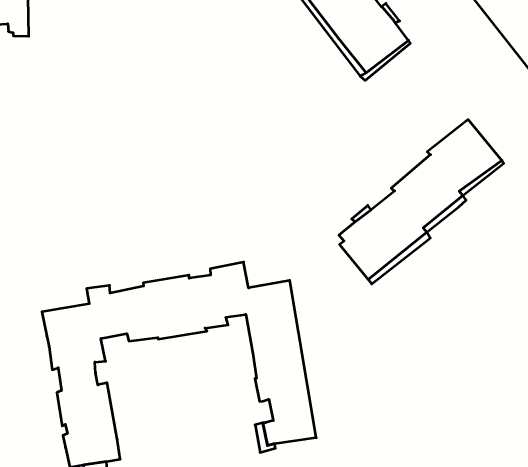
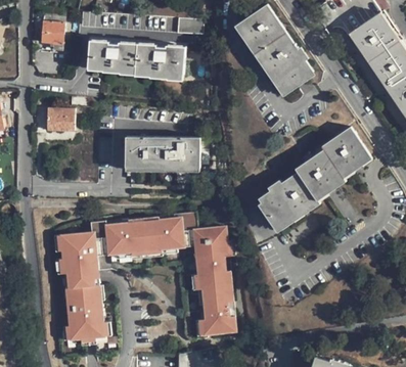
building: none -> [89,41,185,76]
building: none -> [47,110,75,132]
building: none -> [126,138,199,168]

